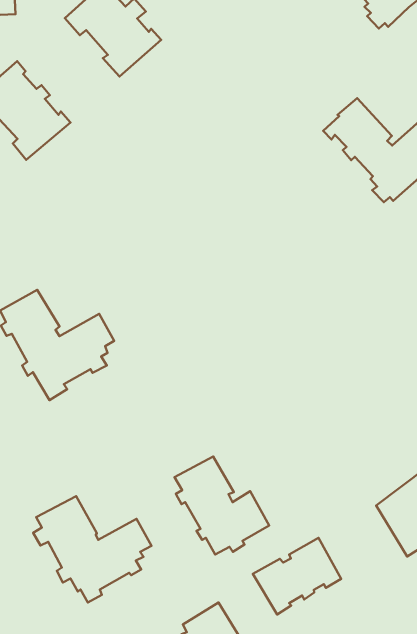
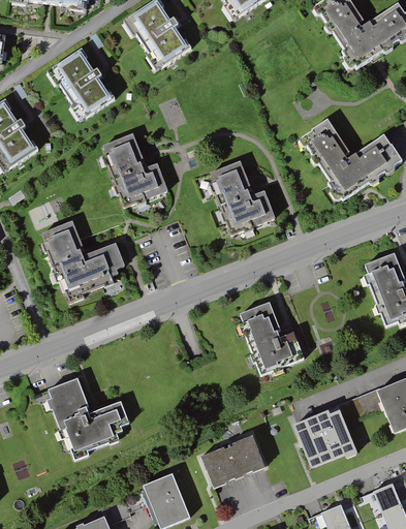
building: none -> [100,131,169,208]
building: none -> [207,162,273,232]
building: [175,456,269,554] -> [241,297,307,370]

